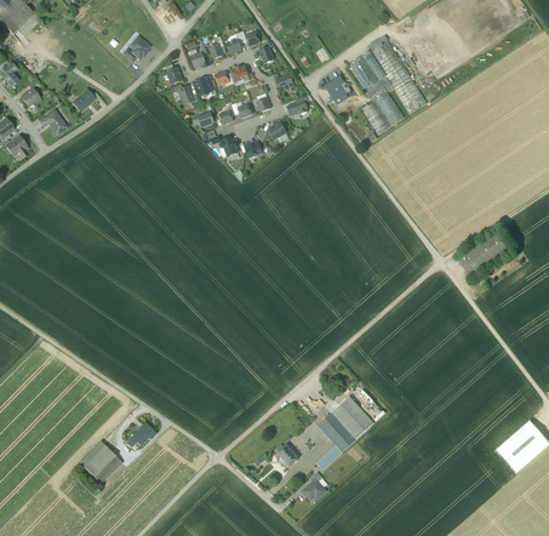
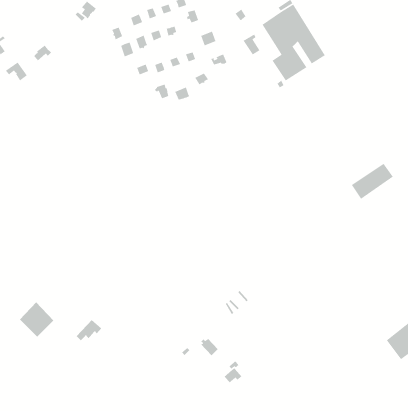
building: [316,395,373,468] -> none
building: [79,439,121,483] -> [19,301,54,338]

